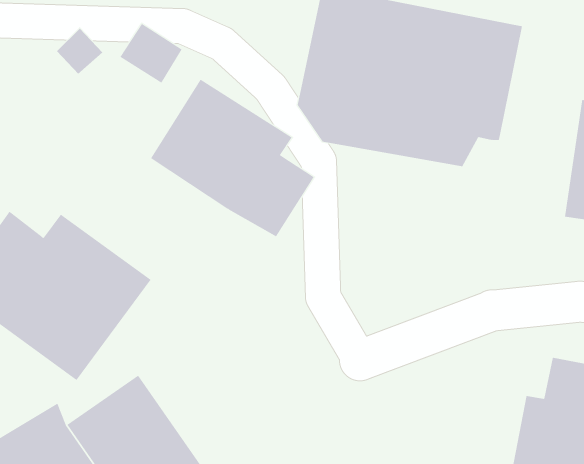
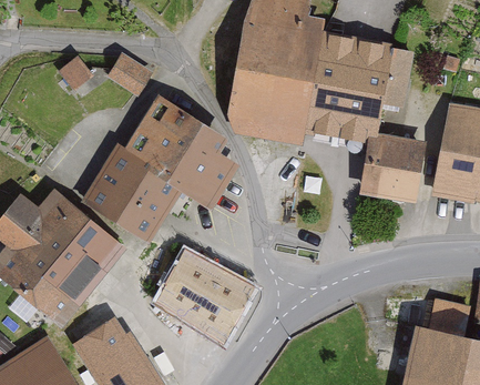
building: none -> [371,132,438,203]
building: none -> [83,145,182,239]
building: none -> [157,252,247,335]

